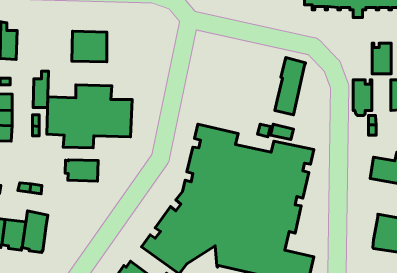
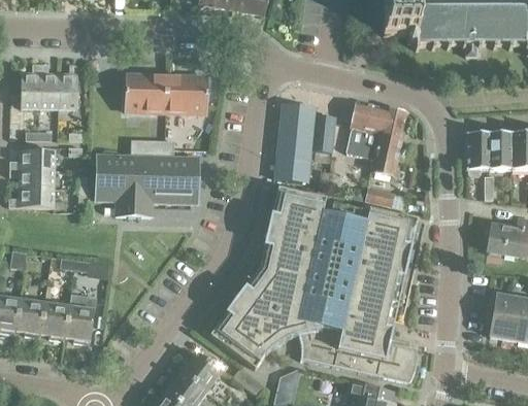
building: none -> [167,75,206,112]
building: [372,43,391,74] -> [488,133,510,170]
building: none -> [345,100,384,158]
building: none -> [273,103,334,181]
building: [33,71,48,108] -> [58,64,76,108]
building: [65,160,98,181] -> none

